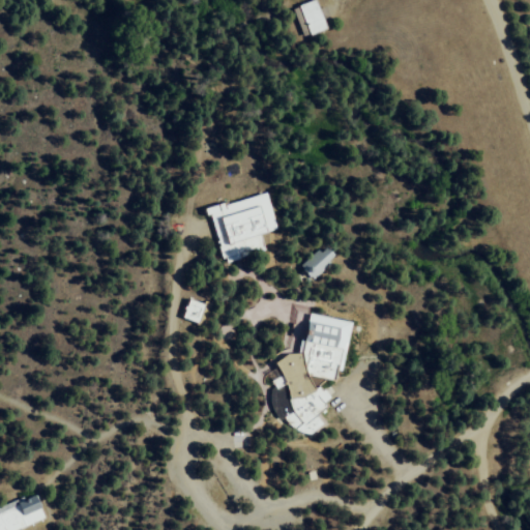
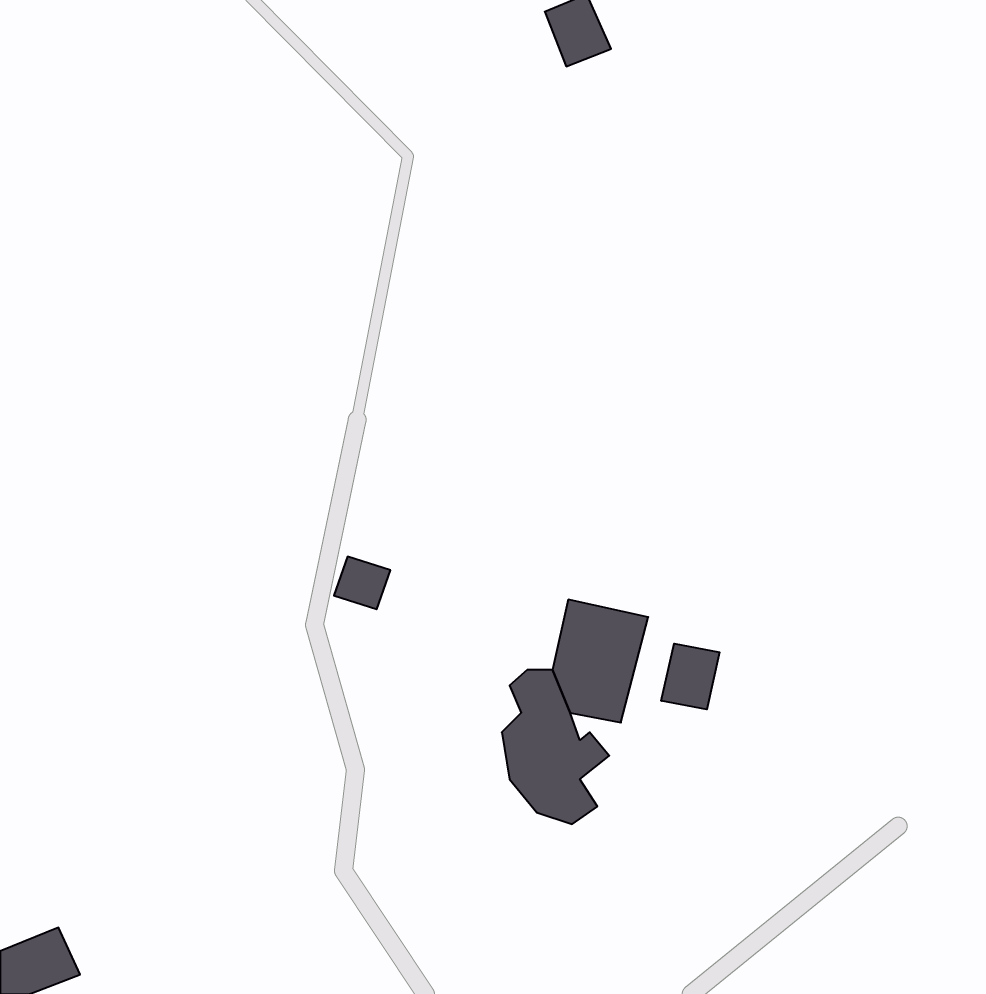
building: [211,192,277,259] -> none
building: [305,241,341,275] -> none
building: none -> [661,644,720,709]

